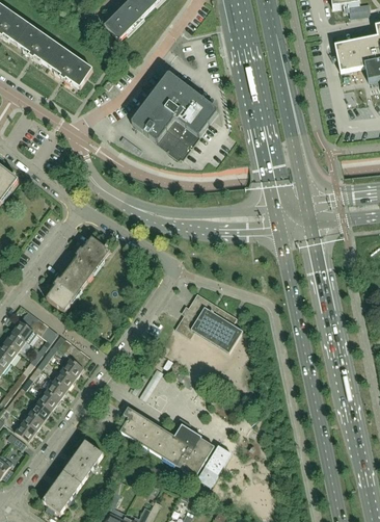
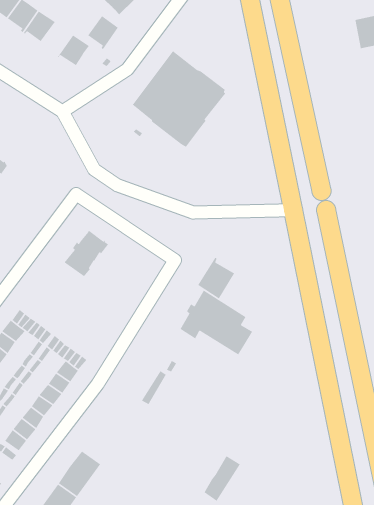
building: [48,47,77,79] -> [87,15,119,50]
building: none -> [197,257,235,299]
building: [46,267,87,312] -> none
building: [119,406,213,476] -> none

